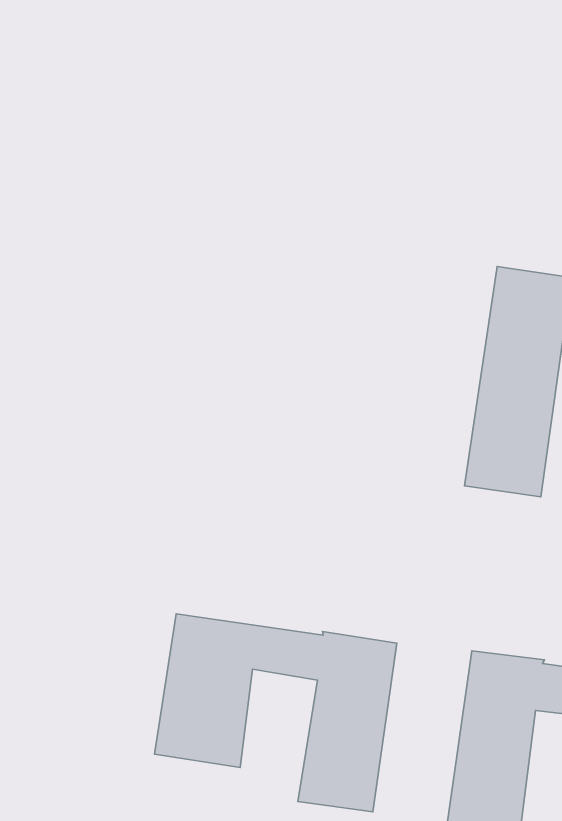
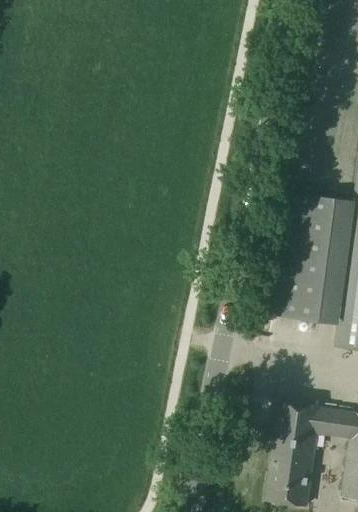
building: [155,614,397,812] -> none

